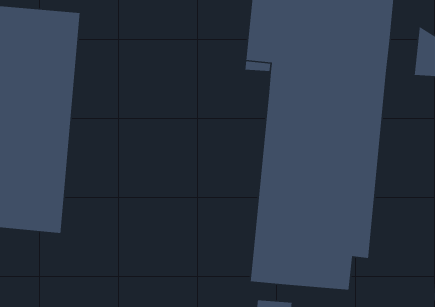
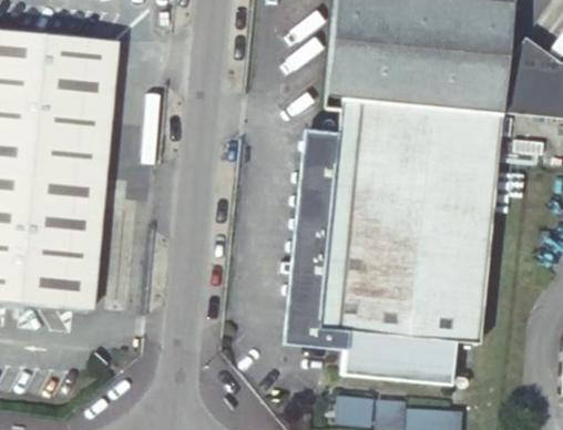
building: none -> [501,40,542,114]
building: none -> [283,131,354,348]

